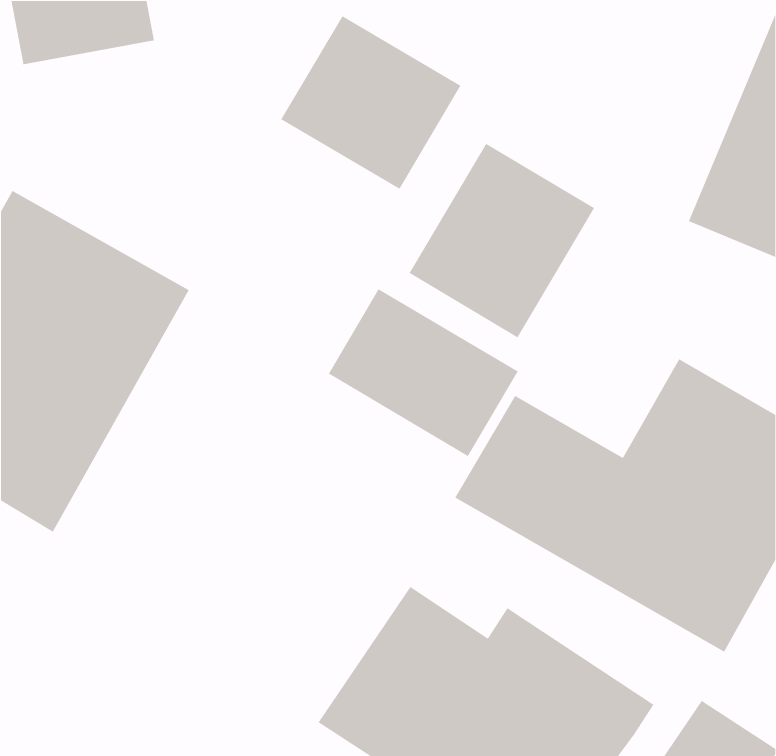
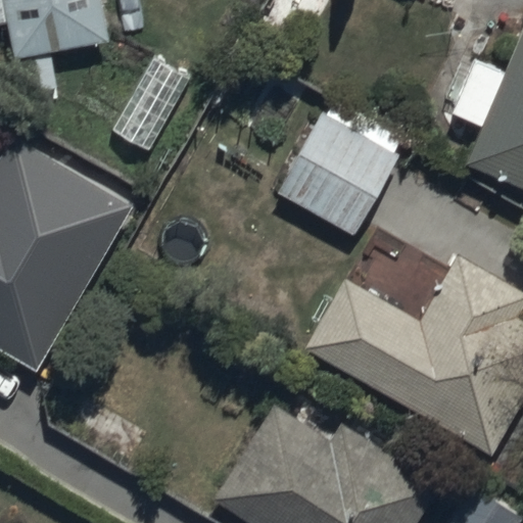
building: [280,15,462,190] -> none
building: [328,288,519,457] -> none

